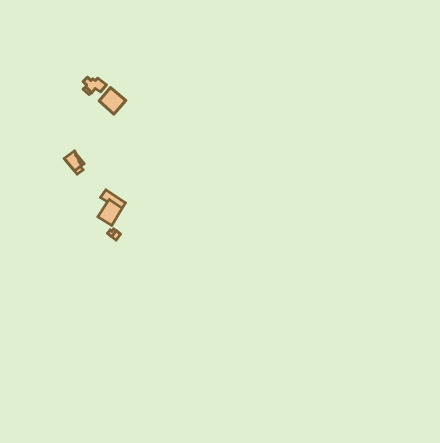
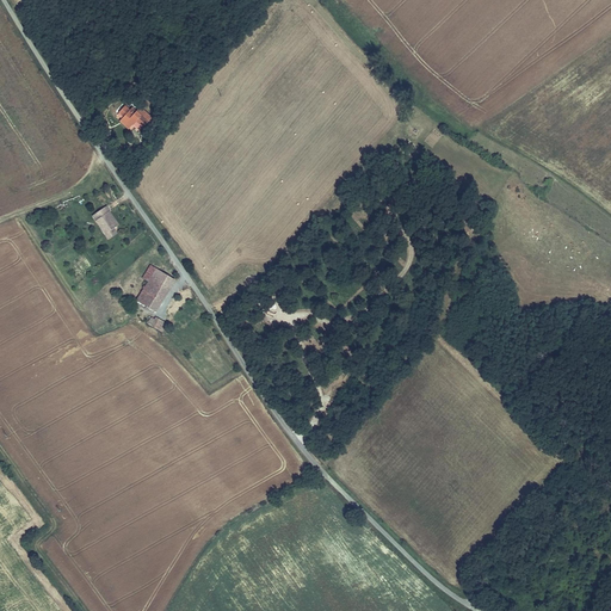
building: [99,87,126,114] -> none

